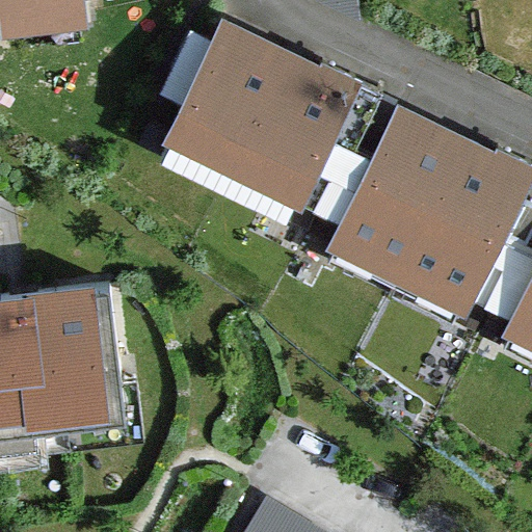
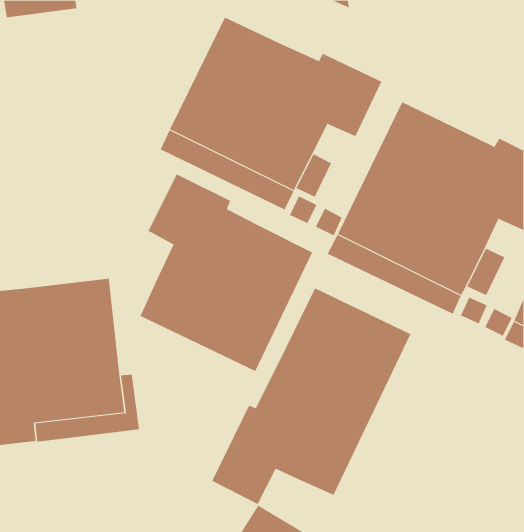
building: none -> [139,173,313,372]
building: none -> [211,288,411,505]

